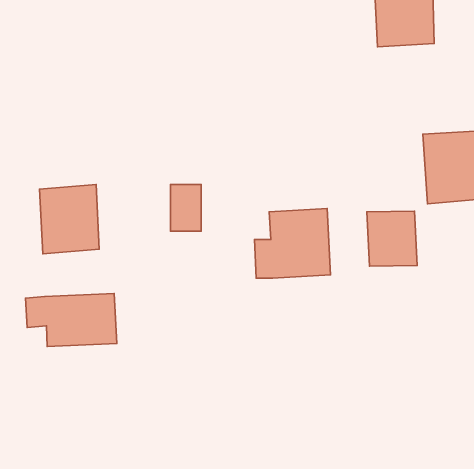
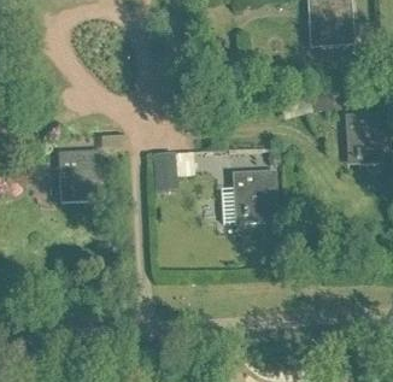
building: [367,211,417,266] -> none
building: [25,293,117,347] -> none

